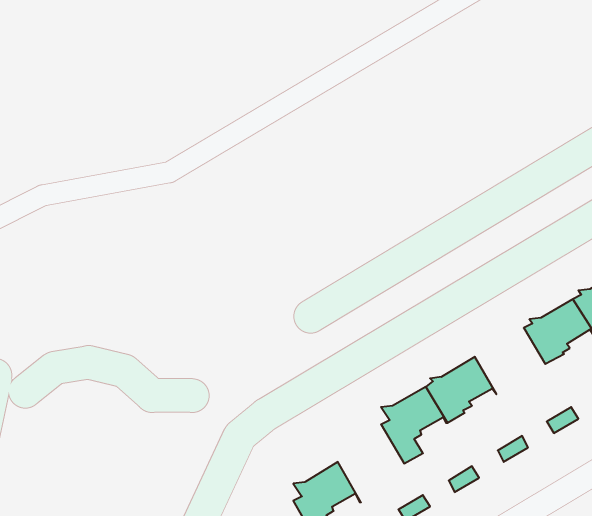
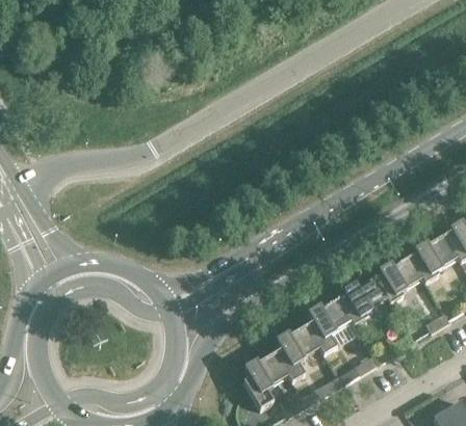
building: none -> [374,255,425,302]
building: none -> [276,324,323,380]

